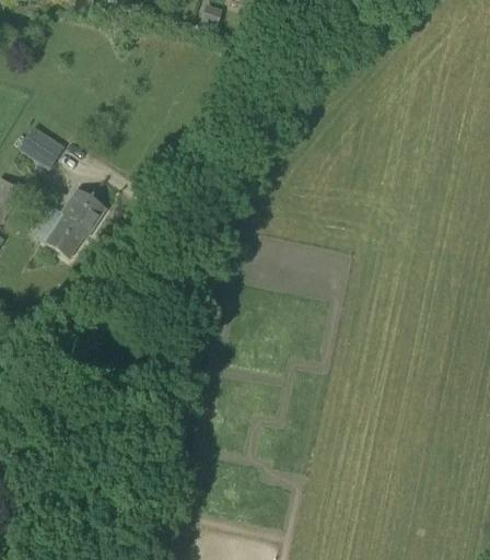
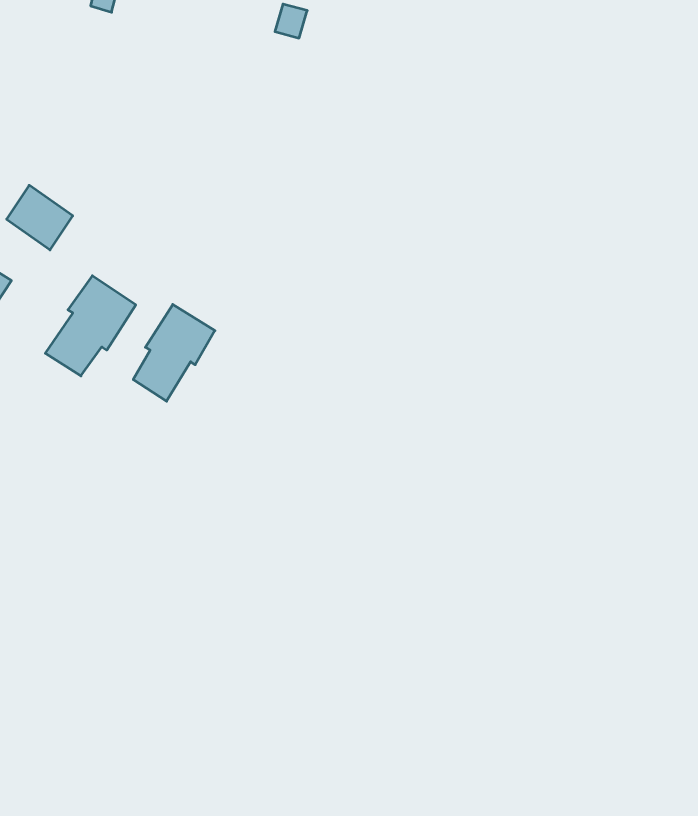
building: none -> [133,304,215,401]

